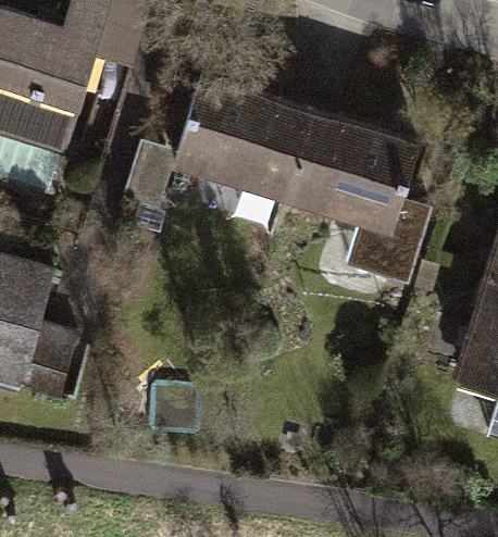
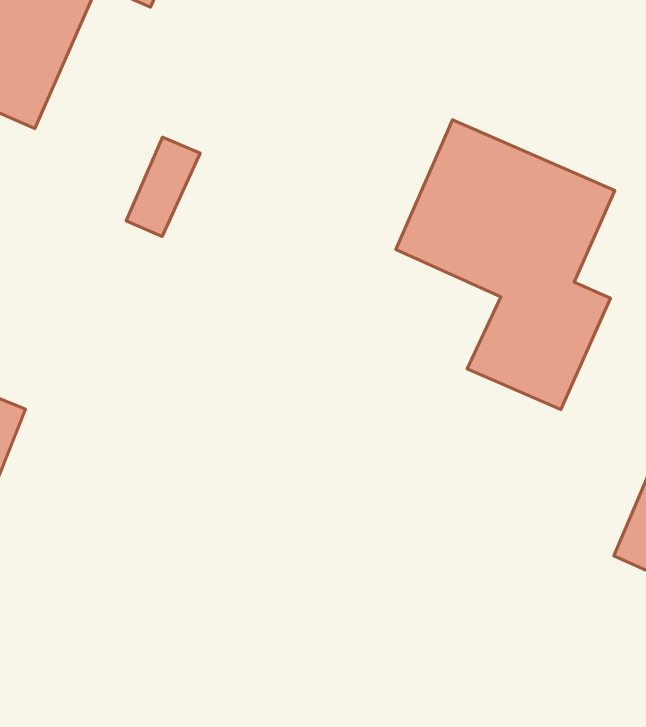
building: [180,80,324,203] -> none

